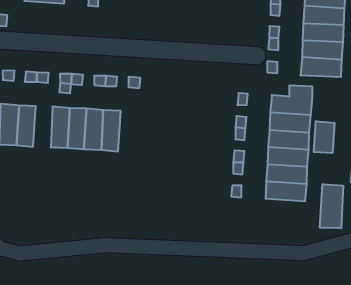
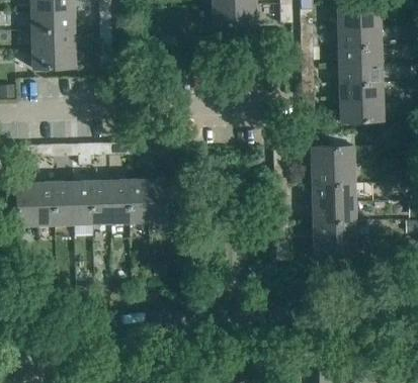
building: none -> [55,181,75,226]
building: none -> [148,179,168,223]
building: [314,121,334,153] -> none
building: [320,184,343,228] -> none

